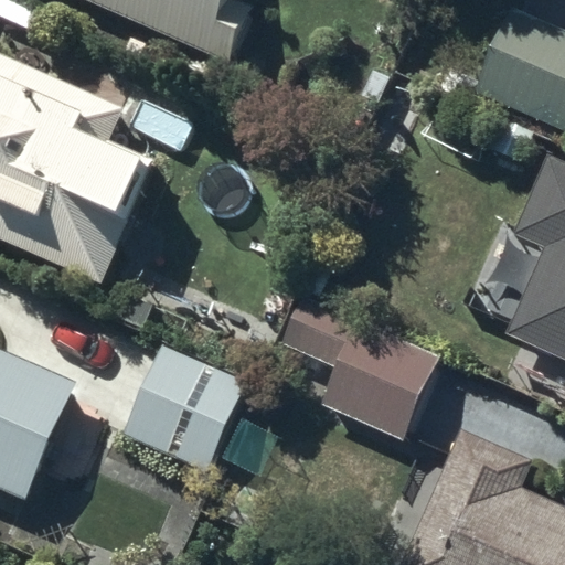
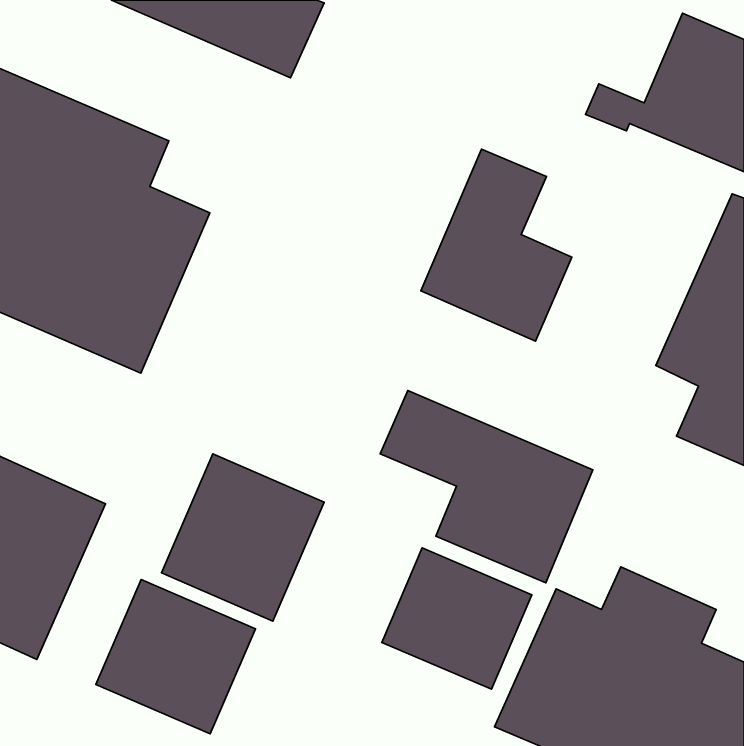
building: none -> [421,149,572,341]
building: none -> [382,548,532,689]
building: none -> [96,580,256,734]

